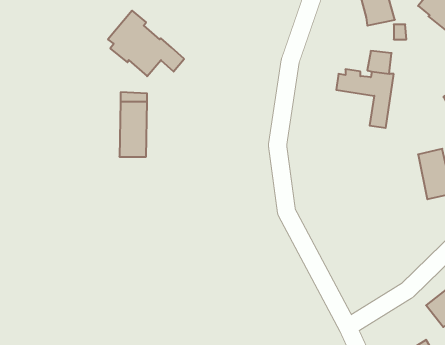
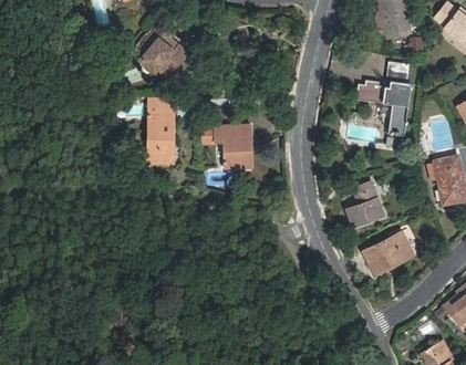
building: none -> [207,125,252,169]
building: none -> [344,181,384,228]
building: none -> [362,232,411,277]

